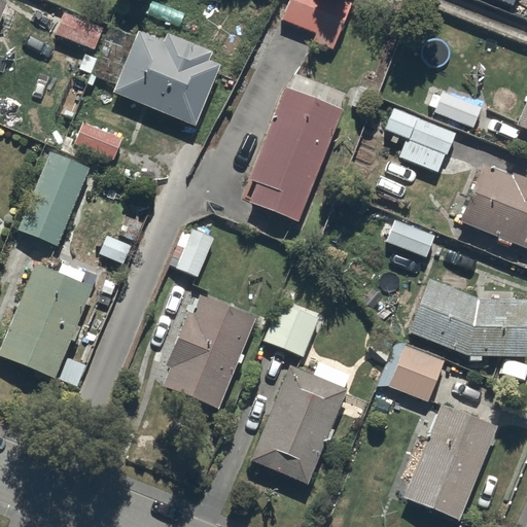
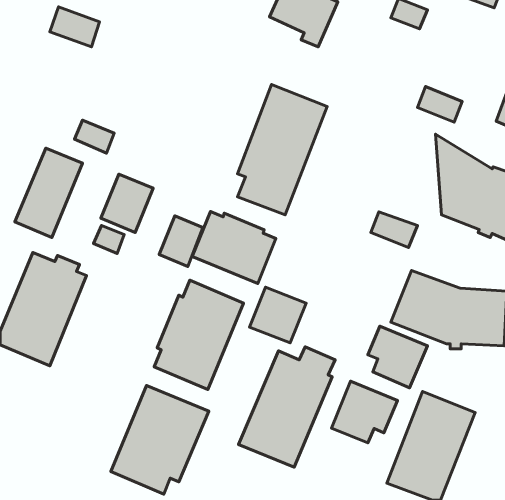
building: [112,32,219,126] -> none
building: [386,105,457,170] -> none
building: none -> [101,174,153,232]
building: none -> [192,211,276,284]
building: none -> [331,381,398,443]
building: none -> [111,386,209,494]

